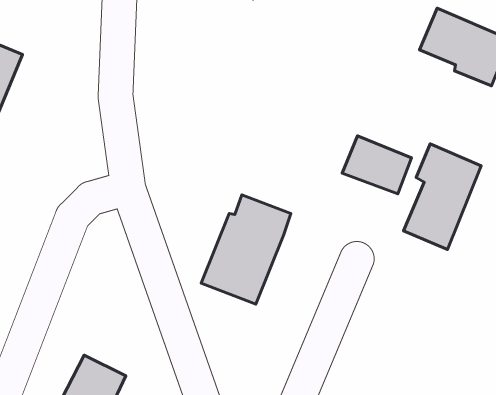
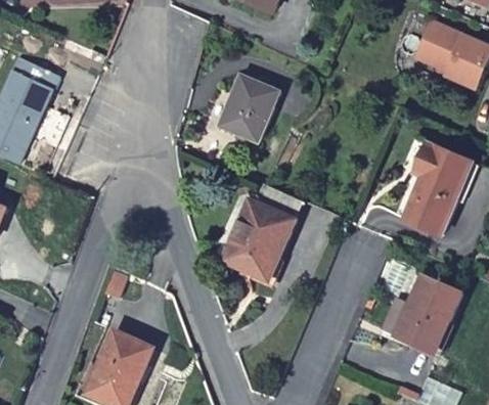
building: none -> [216,80,276,145]
building: [342,136,412,194] -> none
building: none -> [380,277,457,354]

